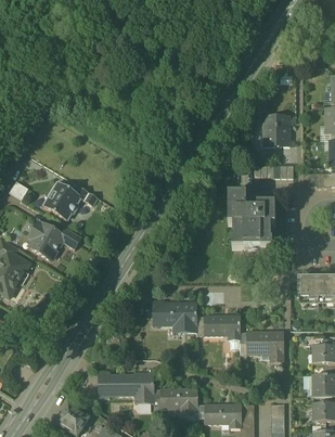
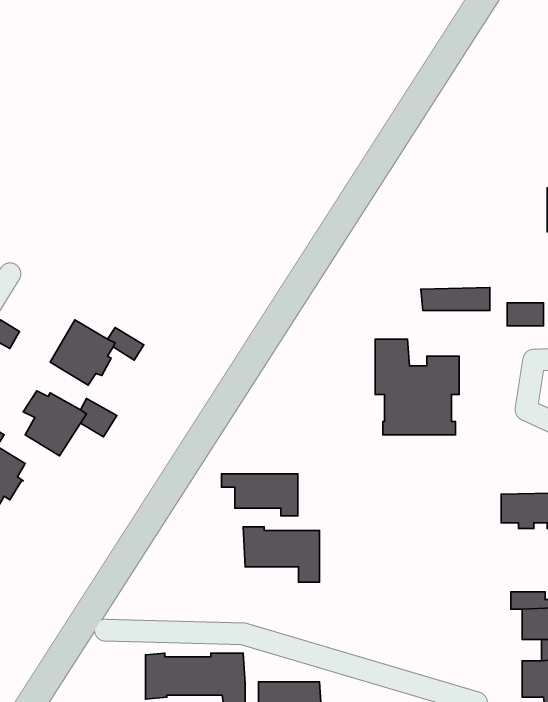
building: [263,115,289,145] -> none
building: [196,314,240,338] -> [221,474,298,516]
building: [246,330,283,361] -> none

